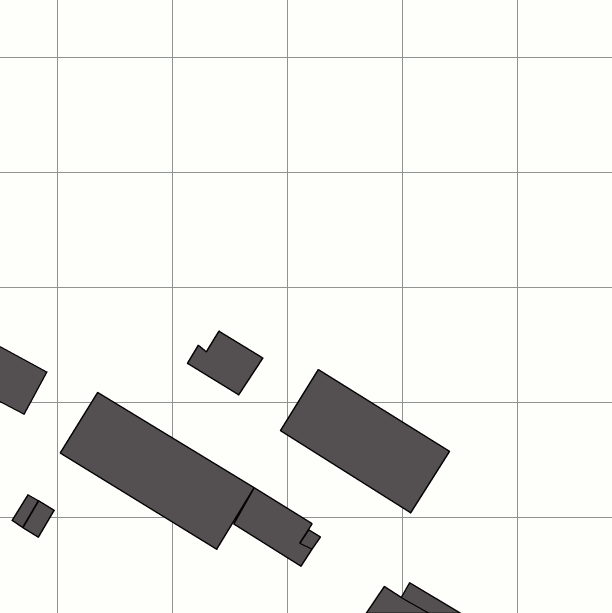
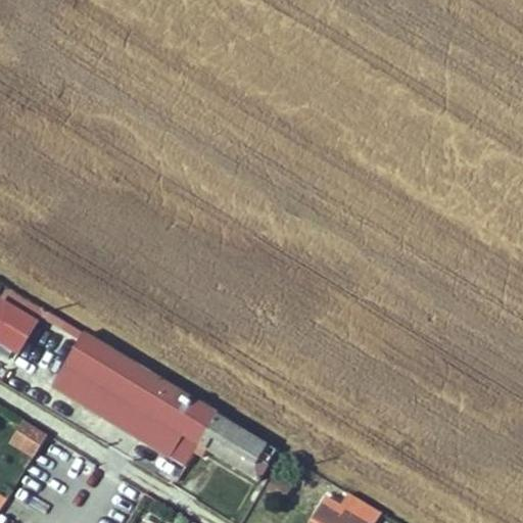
building: [188,331,263,395] -> none
building: [281,370,449,513] -> none

